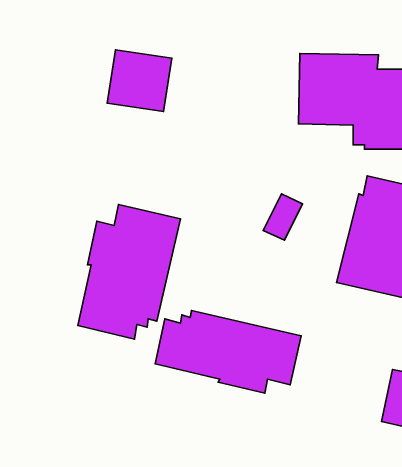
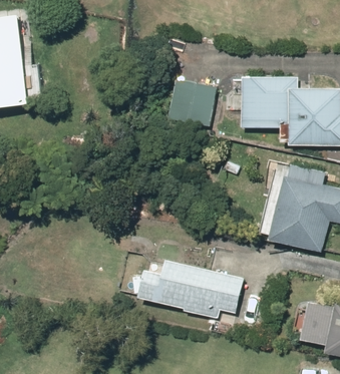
building: [107,50,172,111] -> [169,80,216,124]
building: [78,204,181,339] -> none

